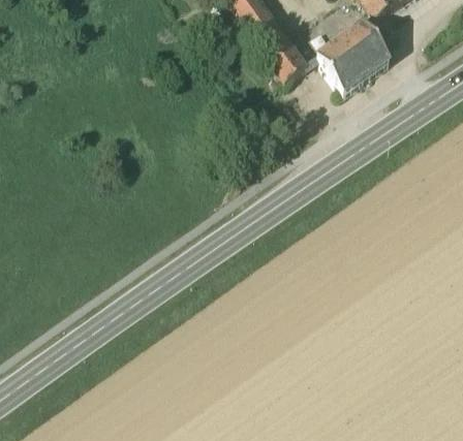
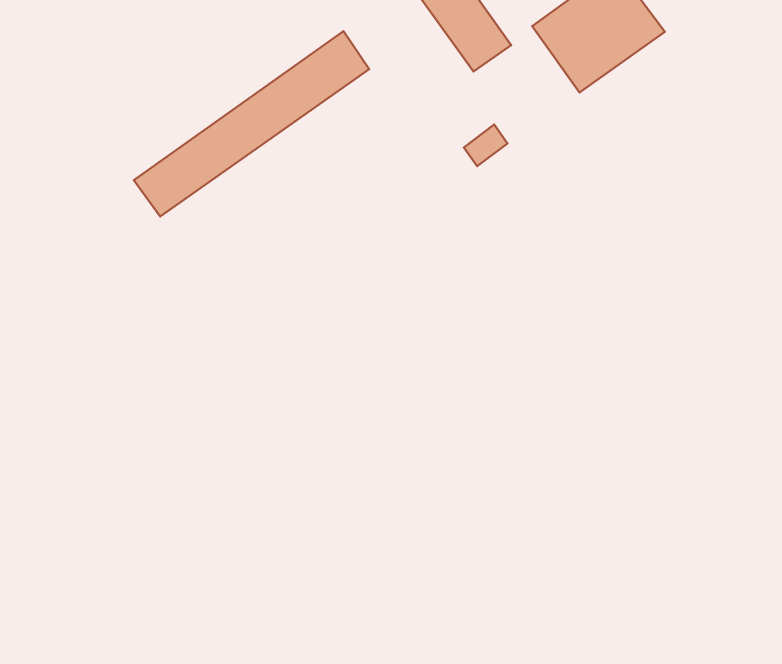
building: none -> [134,31,369,216]

